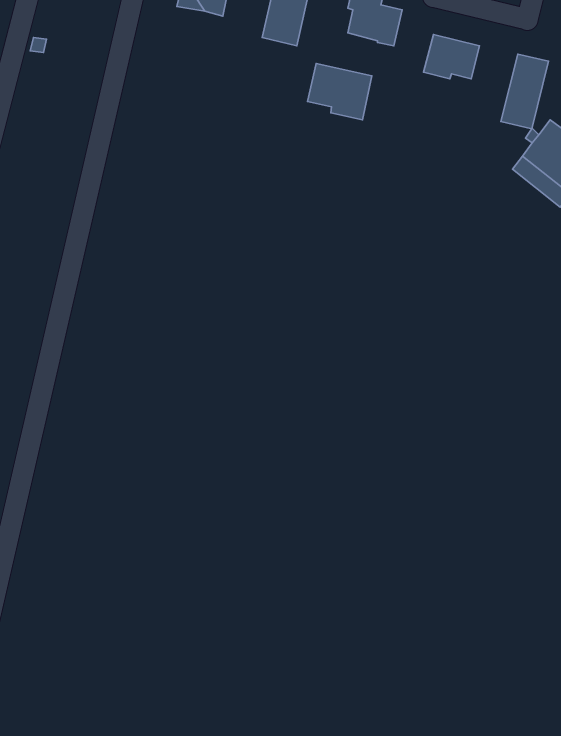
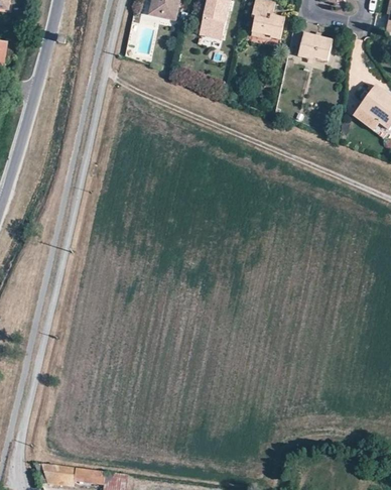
building: [501,54,549,129] -> none
building: [308,63,372,120] -> none

